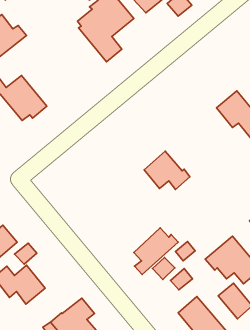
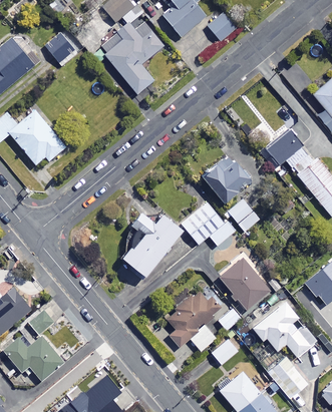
building: none -> [46,36,73,63]
building: none -> [204,154,251,203]
building: none -> [227,197,260,232]
building: none -> [122,214,183,281]
building: none -> [219,258,270,311]

